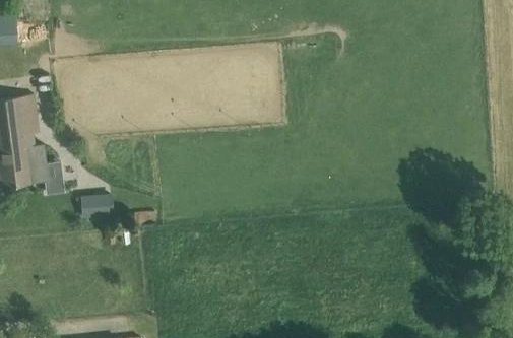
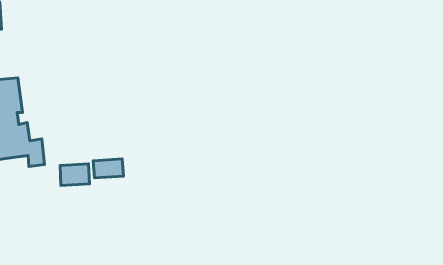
building: none -> [93,159,124,178]

